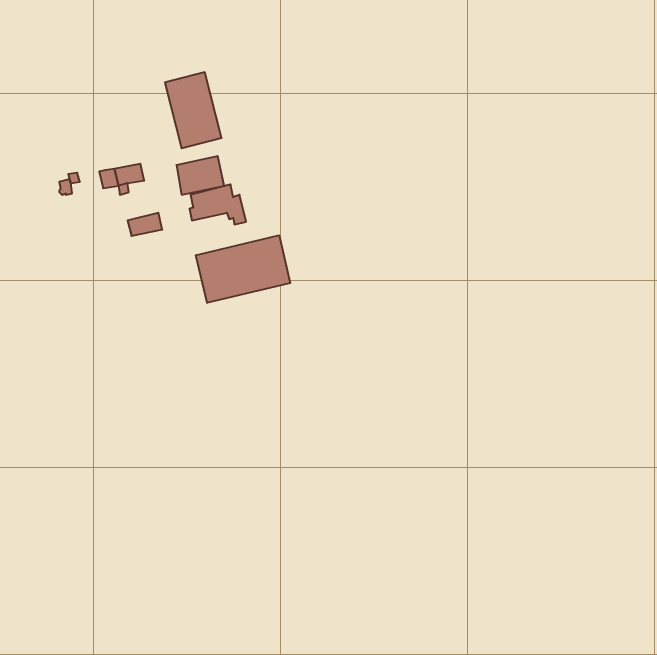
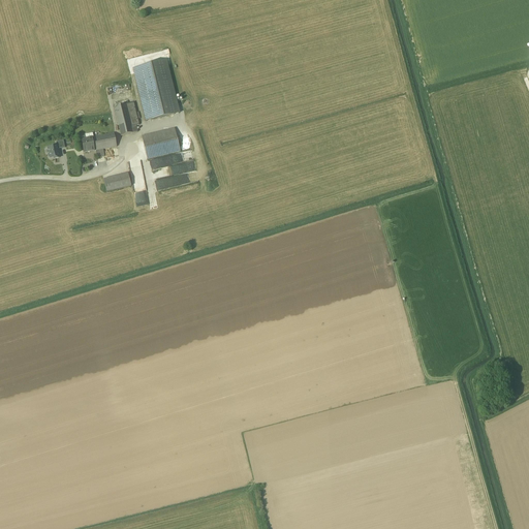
building: none -> [113,100,139,134]
building: [196,235,290,303] -> none

